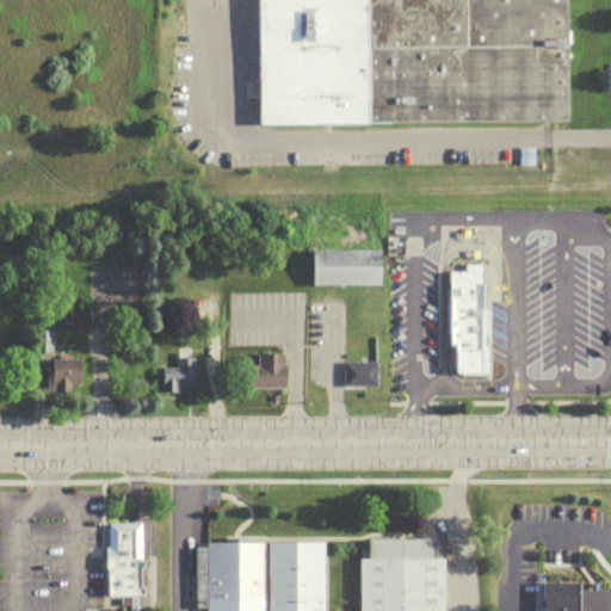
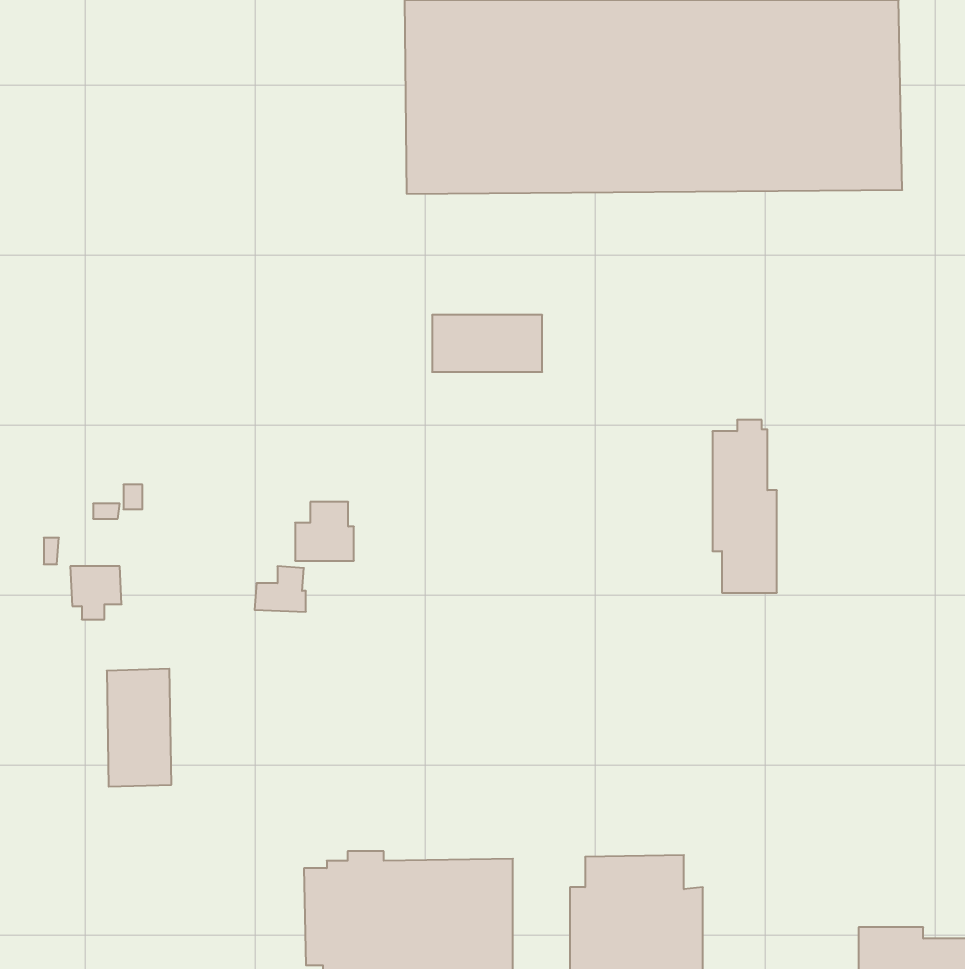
building: [313,248,382,284] -> [432,315,542,372]
building: [251,352,288,389] -> [295,502,354,561]
building: [345,359,378,385] -> none
building: [106,521,147,595] -> [107,669,171,787]

